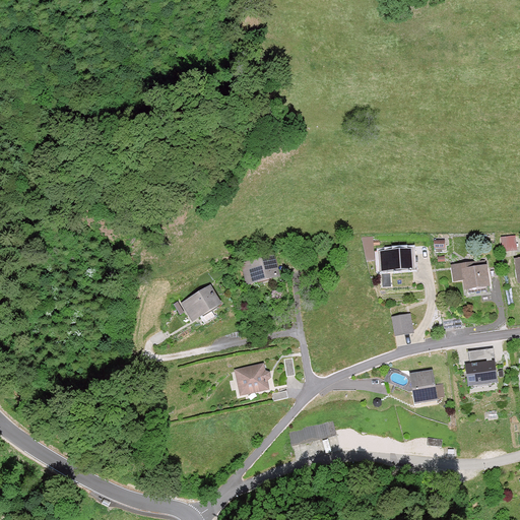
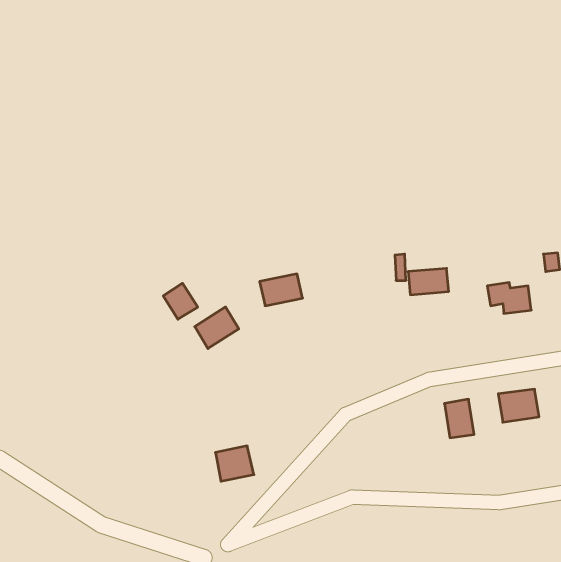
building: none -> [163,283,198,319]
building: [391,313,413,336] -> none
building: [234,364,269,396] -> [215,446,254,481]

